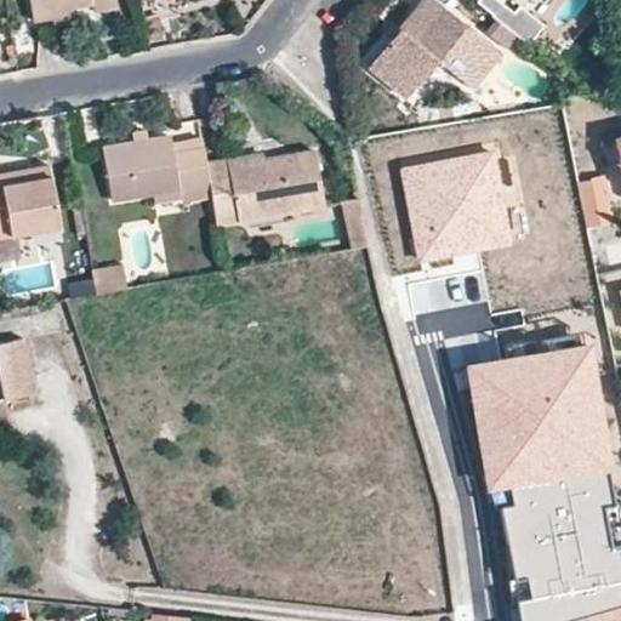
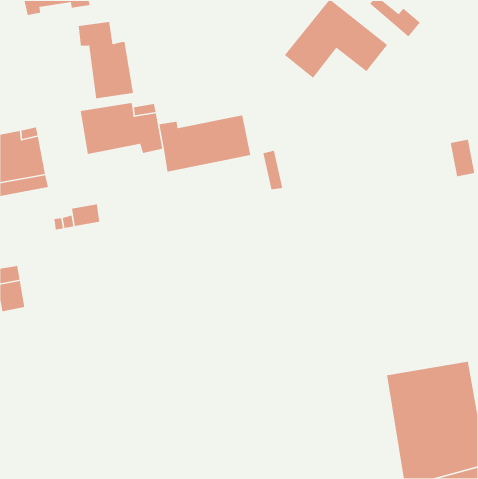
building: none -> [78,21,134,99]
building: [403,149,513,261] -> none
building: [466,342,606,488] -> none

